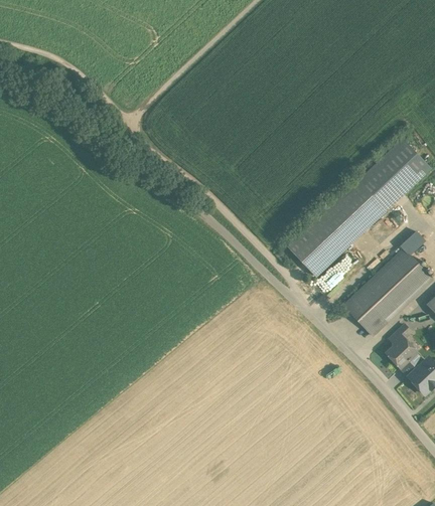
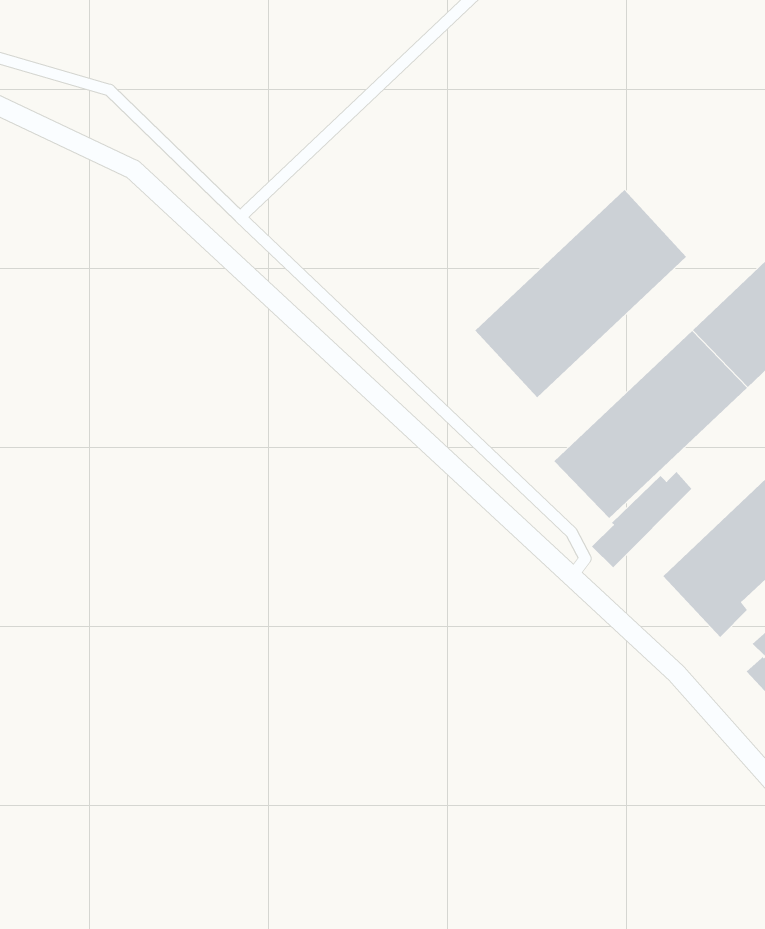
building: none -> [475,189,687,398]

